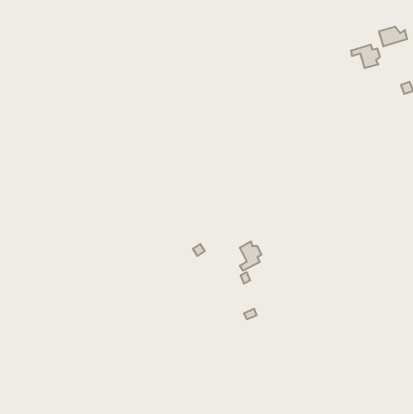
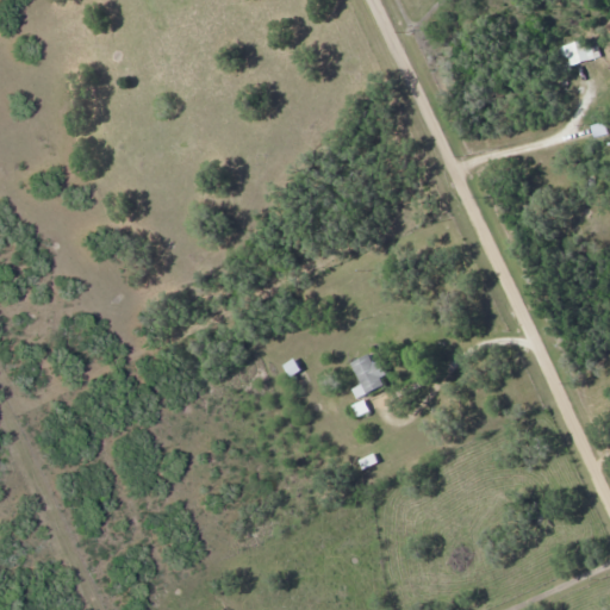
building: [351,45,380,68] -> none

